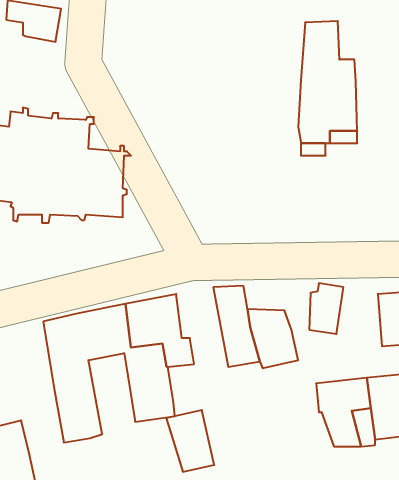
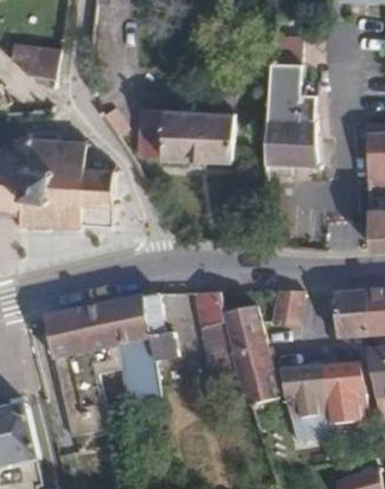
building: none -> [136,110,232,160]
building: [166,410,214,472] -> [233,350,275,404]

